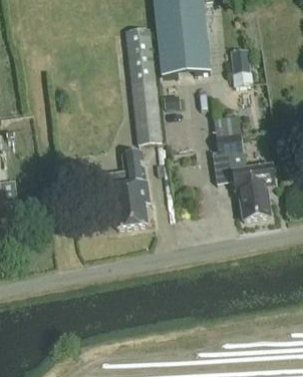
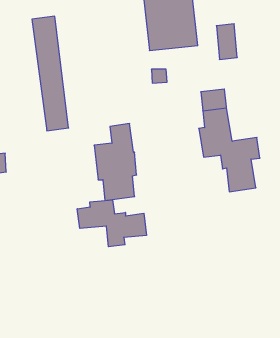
building: [123,27,161,143] -> [32,16,69,131]
building: none -> [77,200,146,247]

